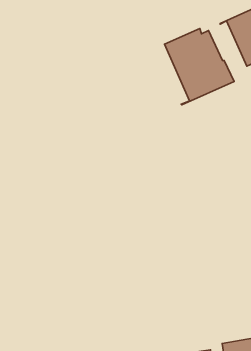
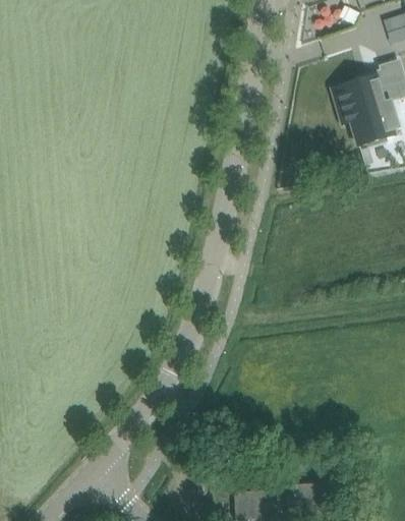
building: [164,29,234,105] -> none

